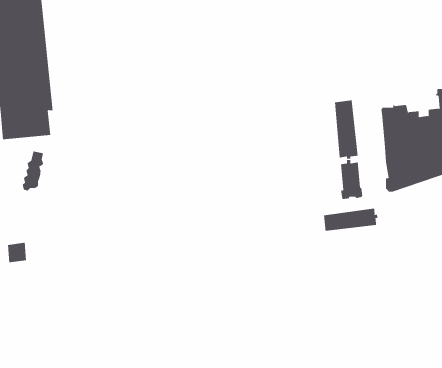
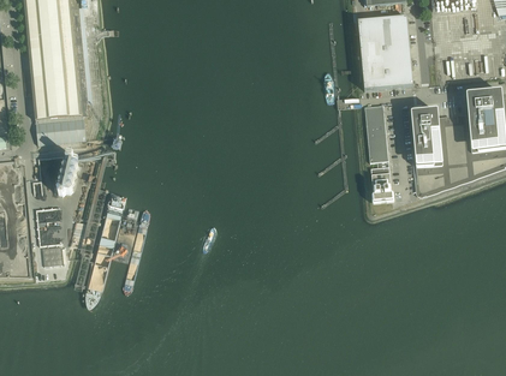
building: none -> [357,13,412,88]
building: [323,207,378,233] -> none

